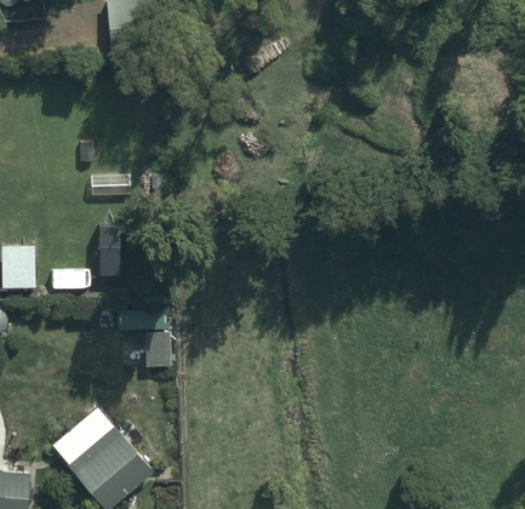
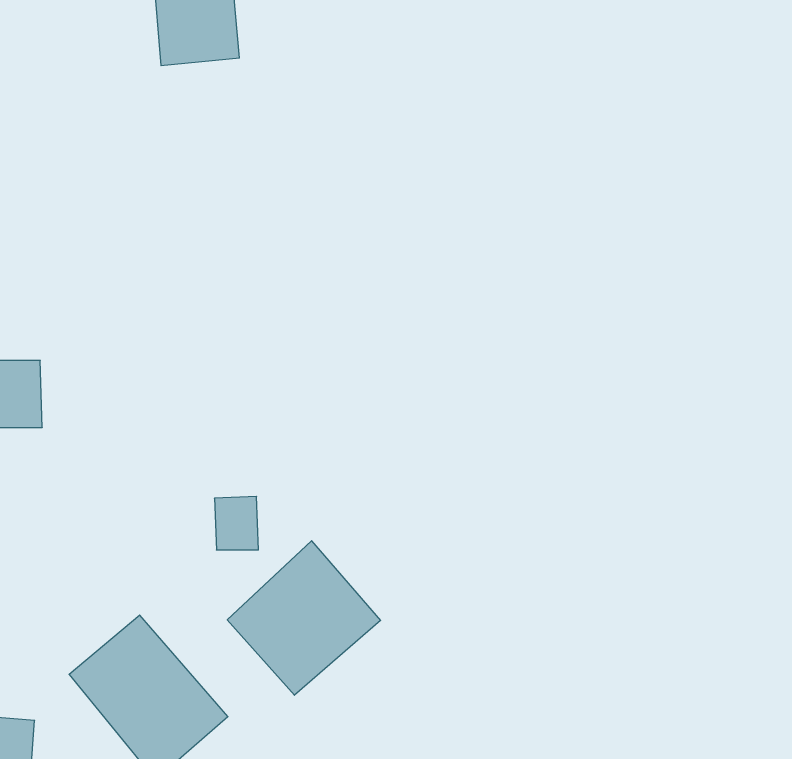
building: none -> [227,541,381,695]

